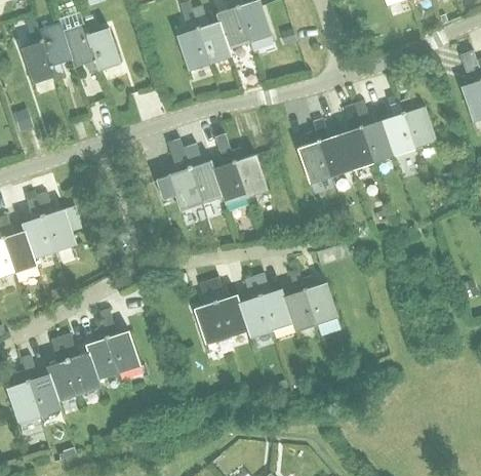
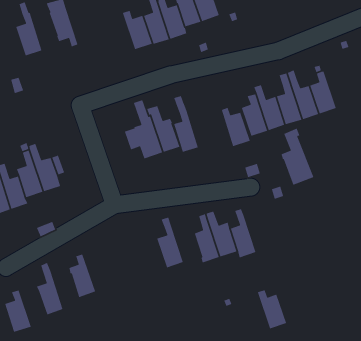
building: [83,22,121,71] -> [122,10,153,50]
building: [39,24,72,78] -> none
building: [400,98,436,149] -> none
building: [232,148,269,197] -> [221,107,251,147]
building: none -> [280,128,315,186]
building: [302,276,338,325] -> [257,289,287,329]
building: [209,278,249,338] -> none
building: [99,310,141,373] -> none
building: [61,333,102,395] -> none
building: [23,357,63,417] -> none

